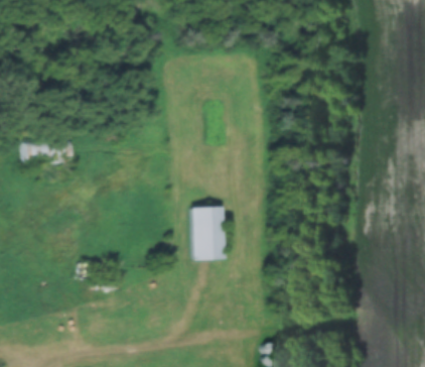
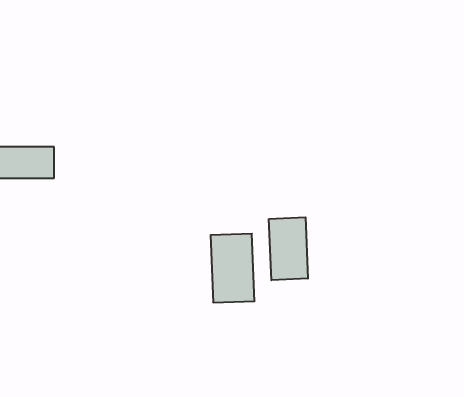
building: none -> [269,217,308,280]

